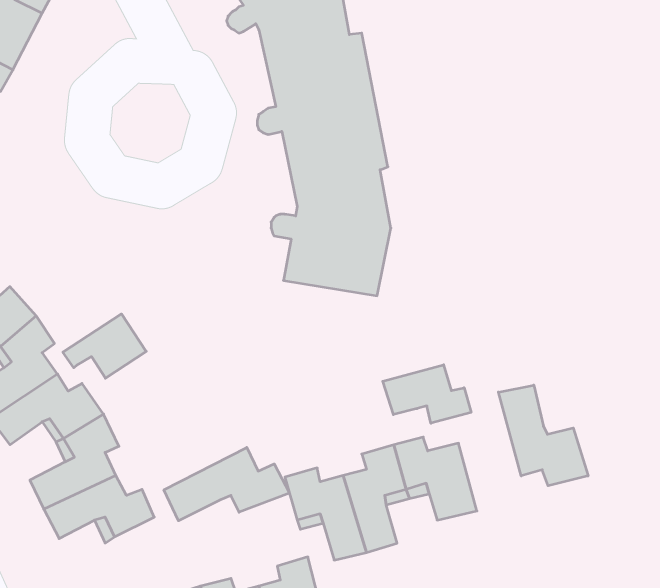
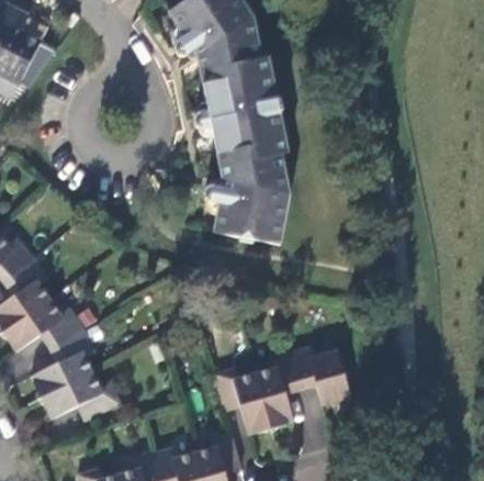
building: [63,314,146,378] -> none
building: [383,365,471,423] -> none
building: [498,385,588,486] -> none
building: [164,447,290,521] -> none

